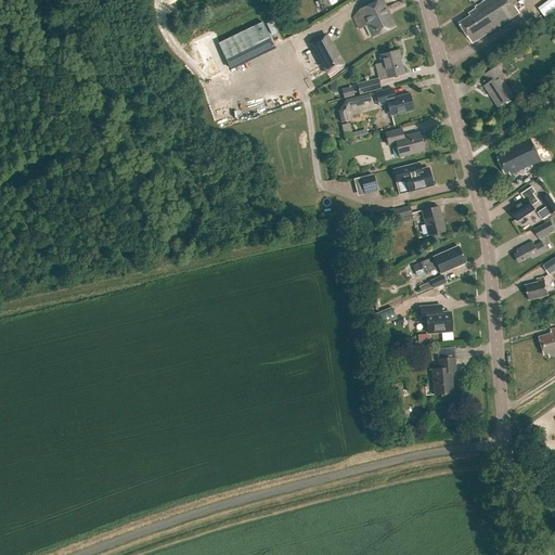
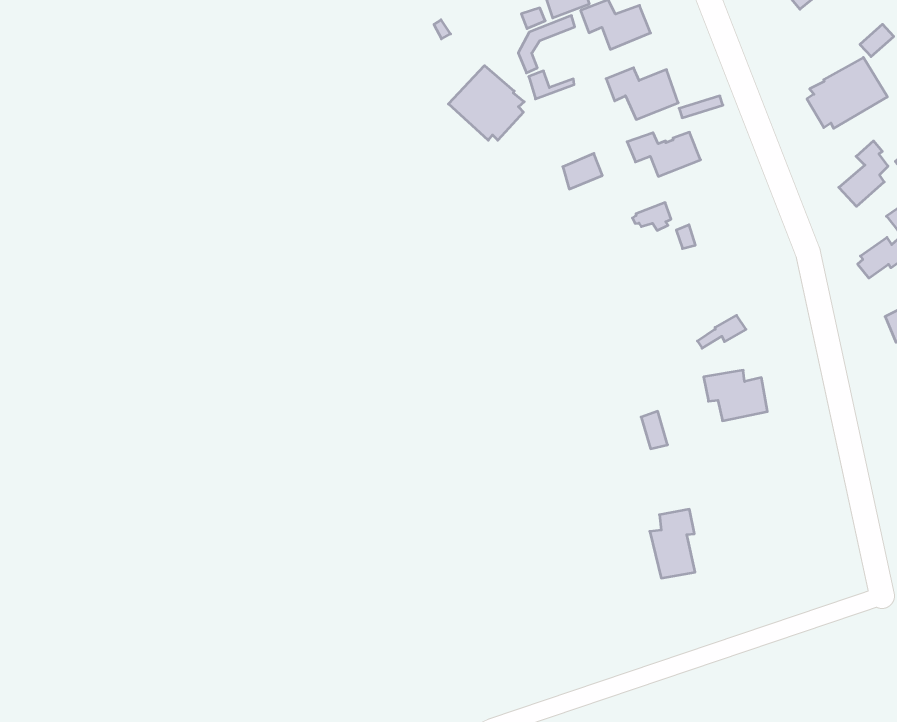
building: none -> [448,66,524,140]
building: [421,205,446,235] -> none
building: [413,245,466,275] -> none
building: [431,358,456,395] -> [650,509,695,578]

